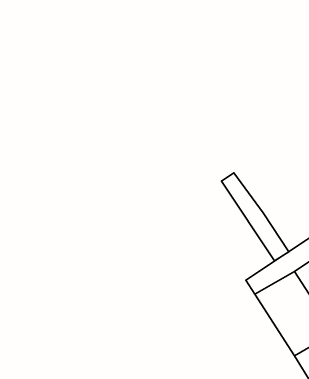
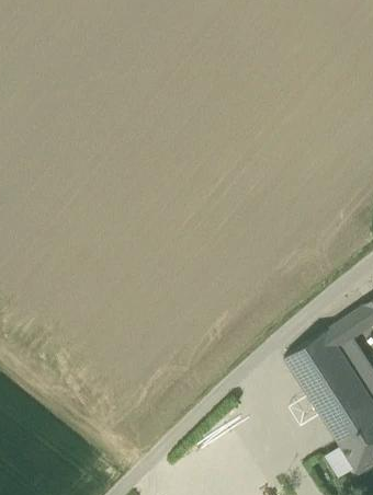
building: [222,173,289,261] -> none

